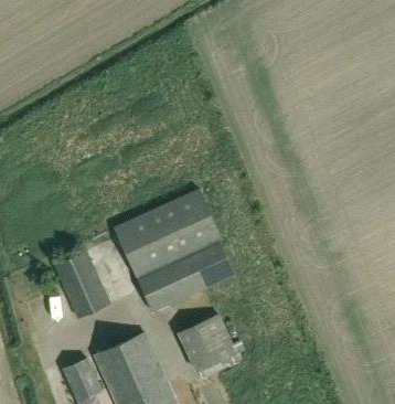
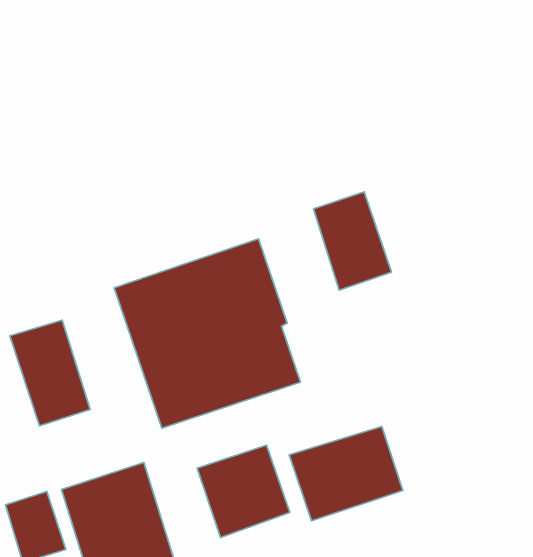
building: none -> [313,192,391,290]
building: none -> [289,426,403,521]

